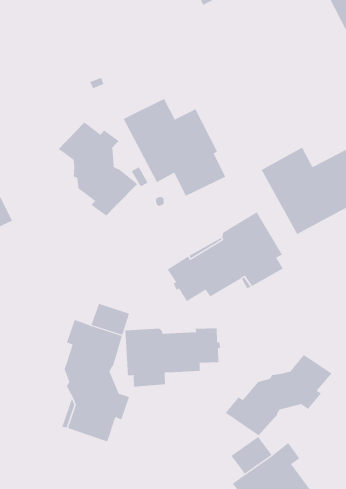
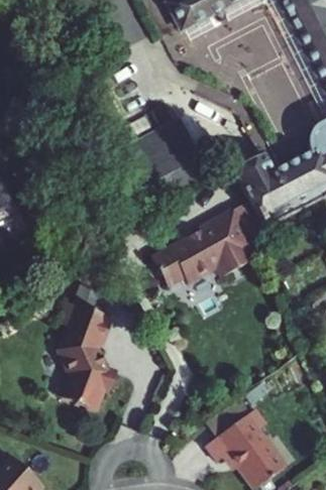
building: [58,122,138,217] -> none
building: [125,328,221,387] -> none
building: [225,354,332,436] -> none

